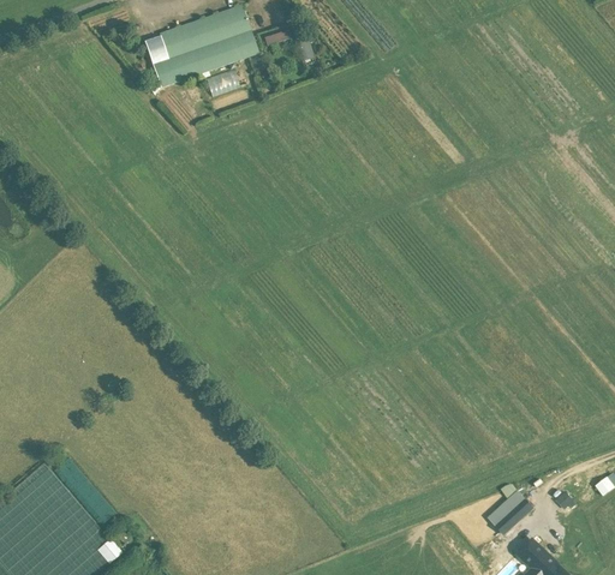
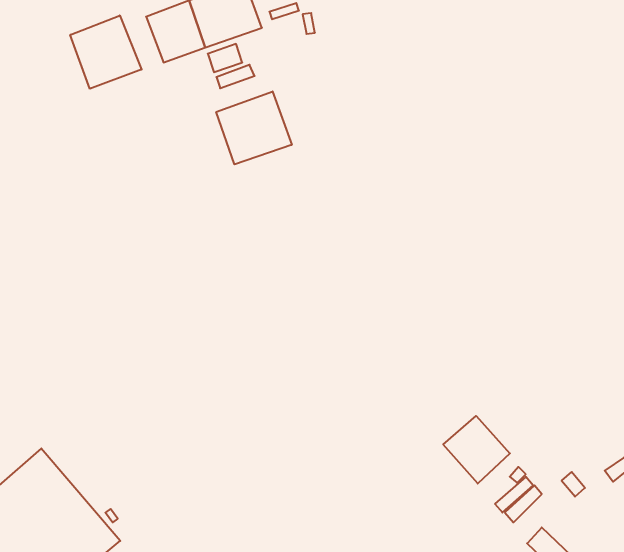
building: none -> [70,15,142,89]
building: none -> [216,91,292,164]
building: none -> [443,416,510,484]

